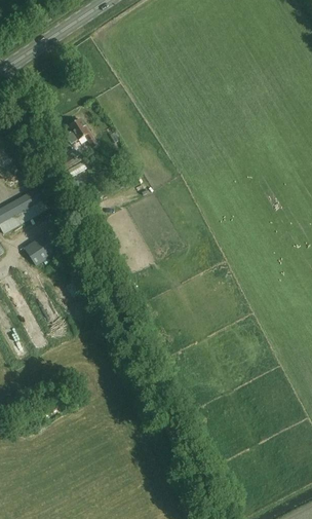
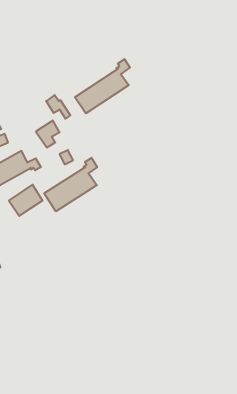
building: none -> [75,59,130,113]
building: none -> [44,158,97,211]

